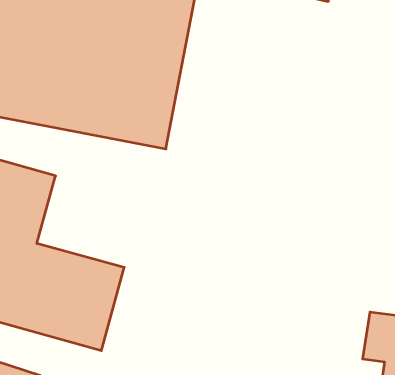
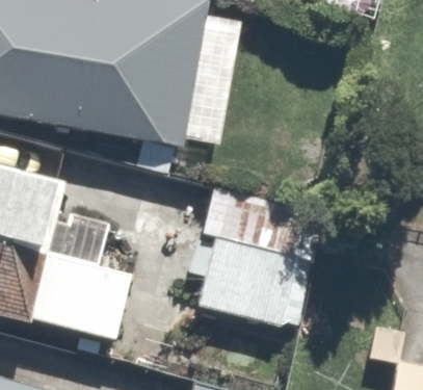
building: none -> [194,197,321,331]

